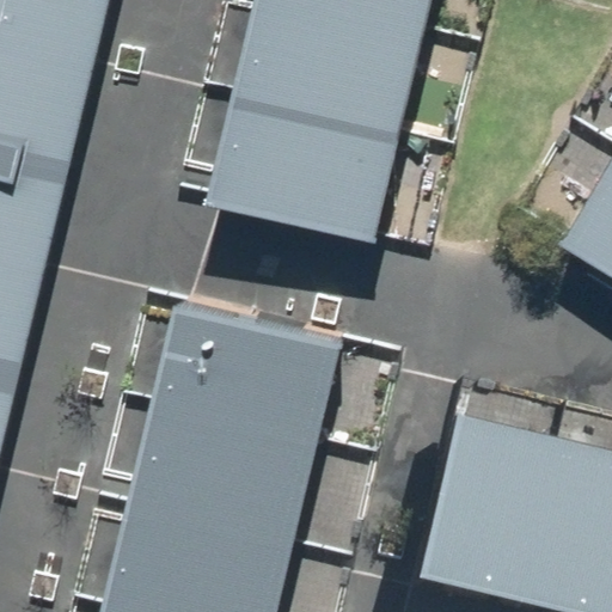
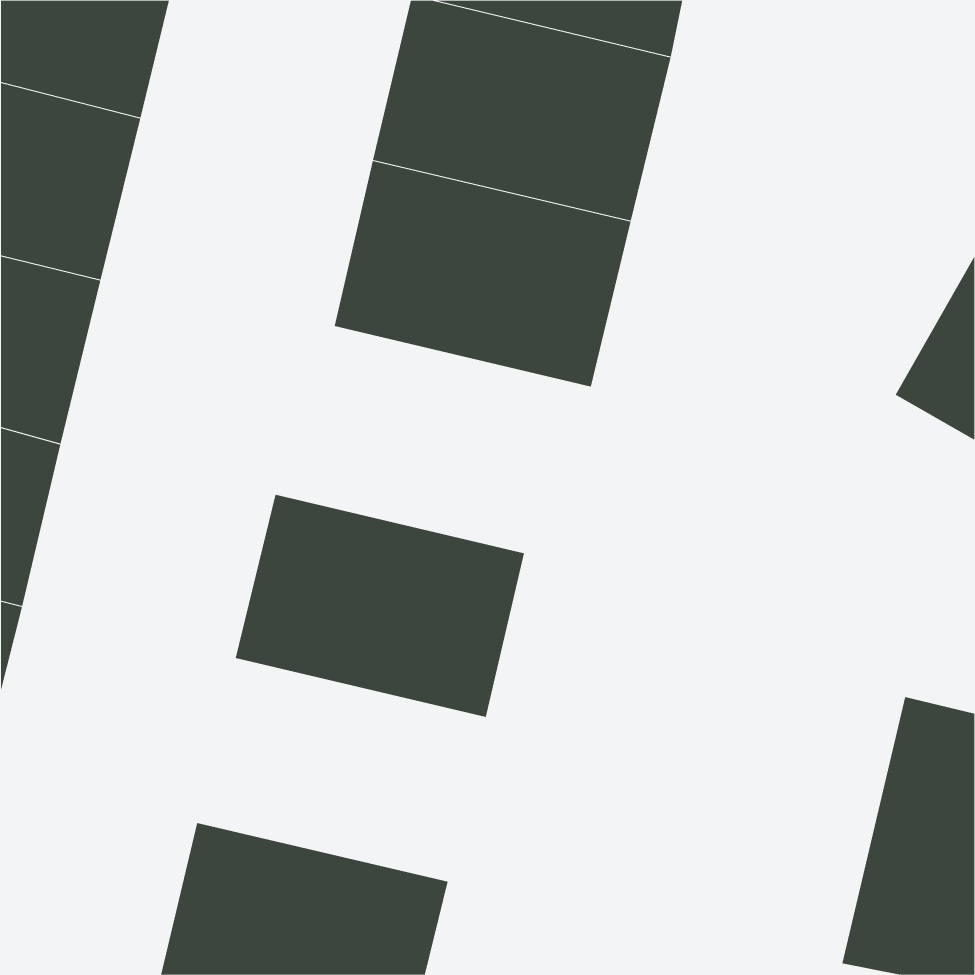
building: [123,412,305,552] -> none
building: [422,412,567,604] -> none

